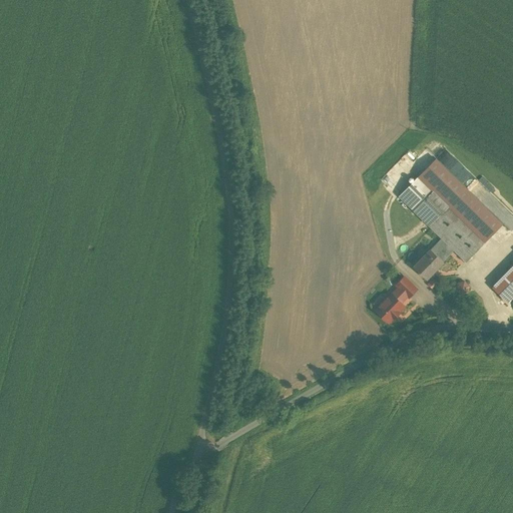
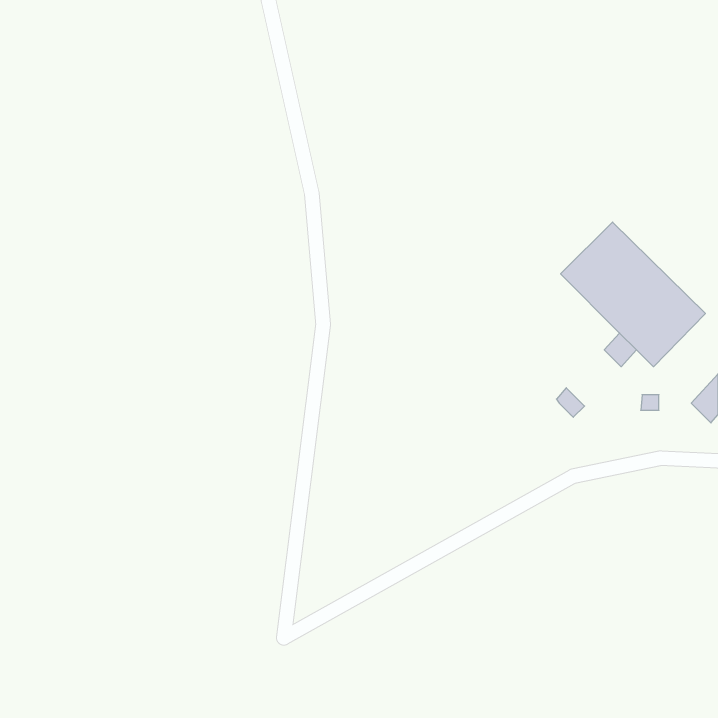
building: [414,249,443,279] -> none
building: [376,288,407,322] -> none

